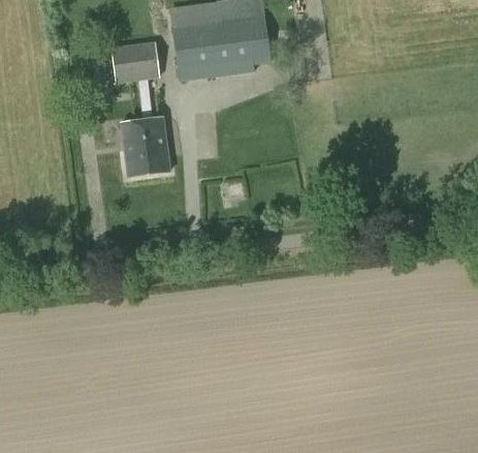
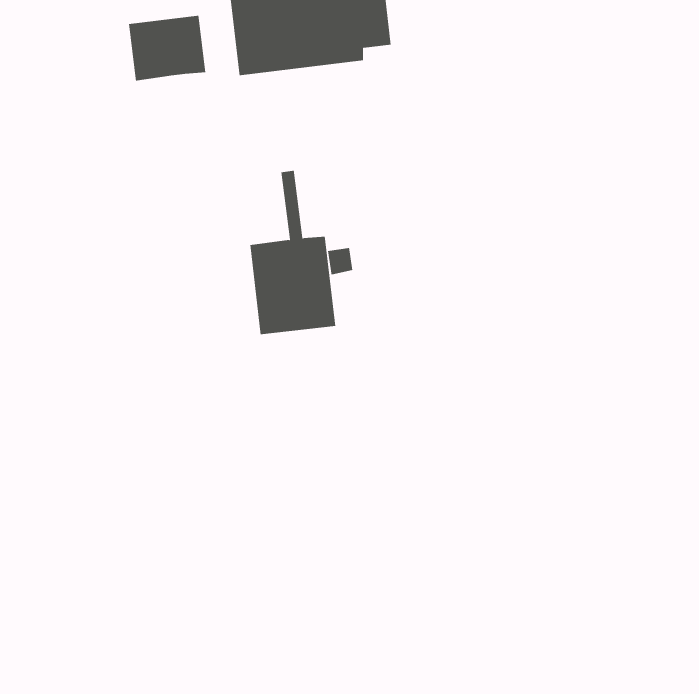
building: [120,77,171,175] -> [249,170,336,335]

